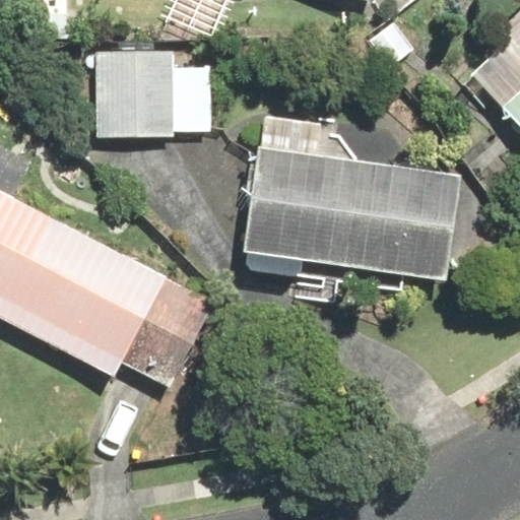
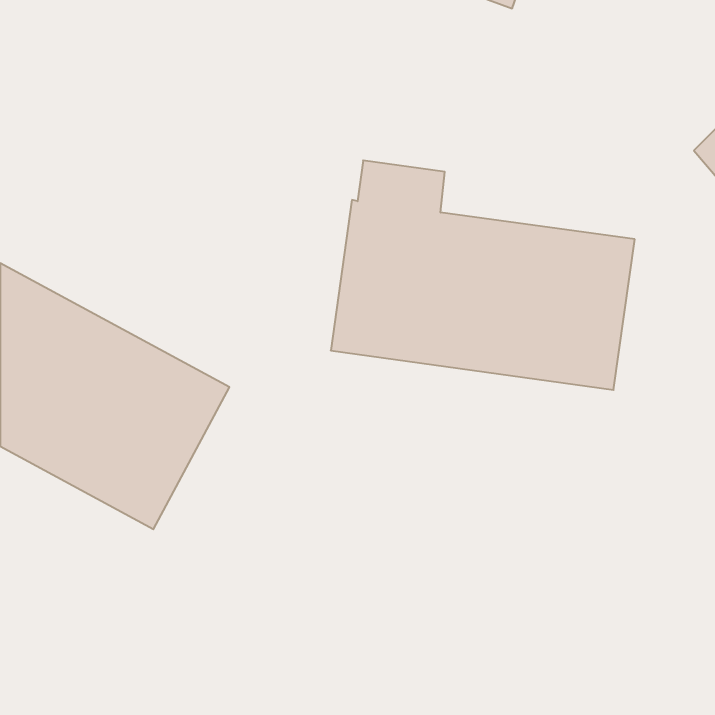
building: [96,52,177,137] -> none

